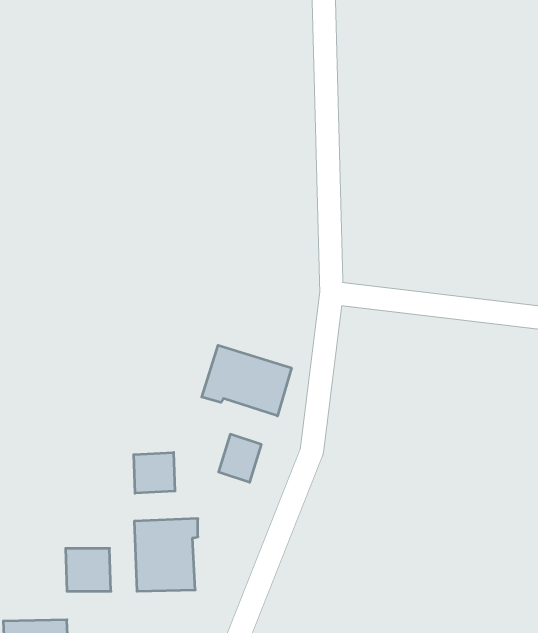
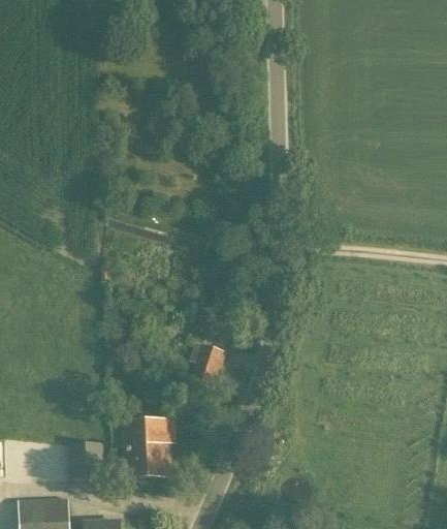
building: [202,345,291,416] -> none
building: [134,452,175,493] -> none

